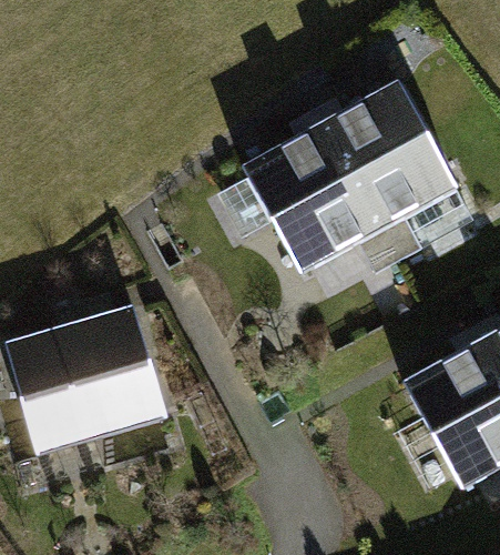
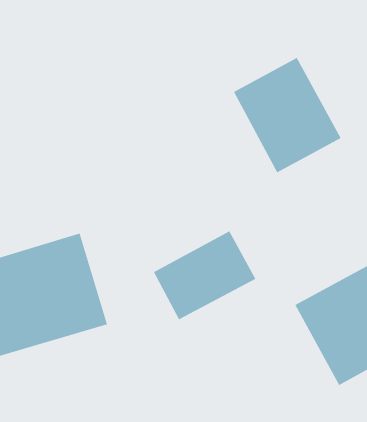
building: [237,124,386,276] -> none
building: none -> [153,230,256,320]

